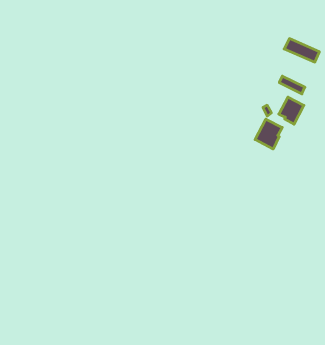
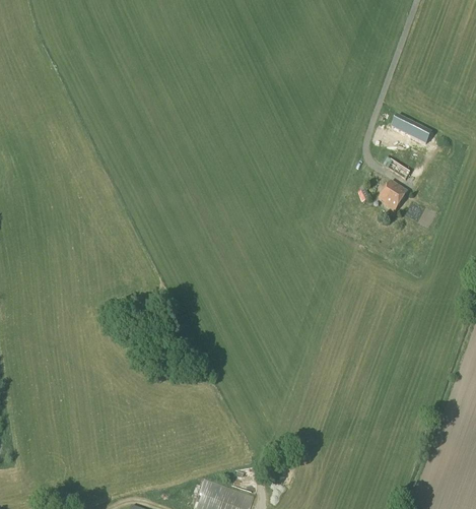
building: [255,119,282,149] -> none

